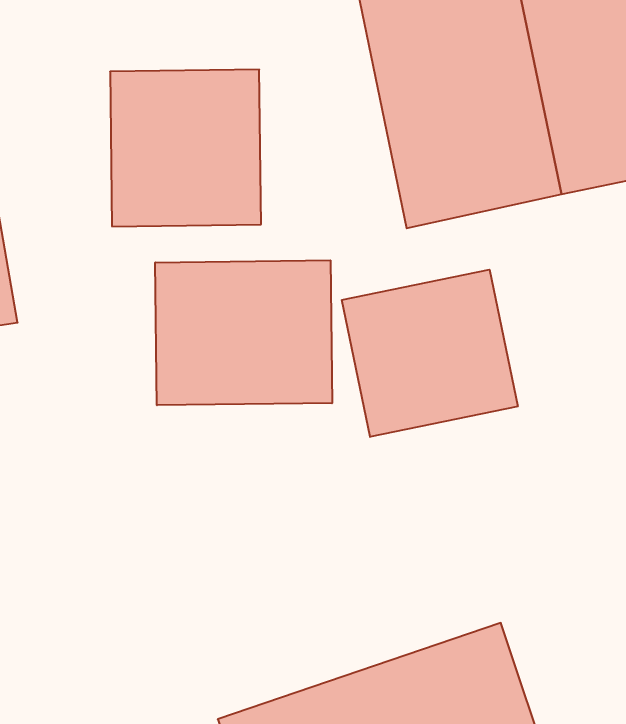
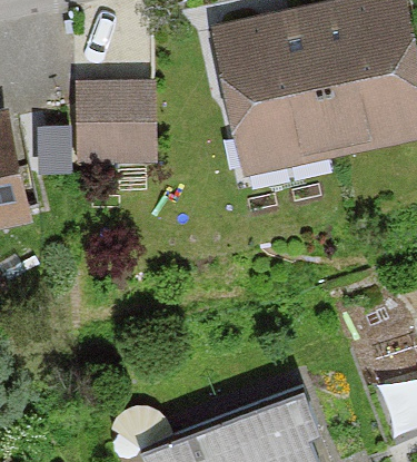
building: [155,260,332,405] -> none
building: [342,270,518,437] -> none

